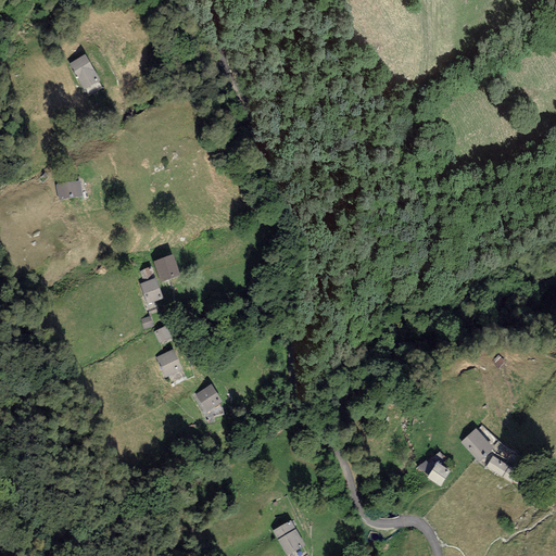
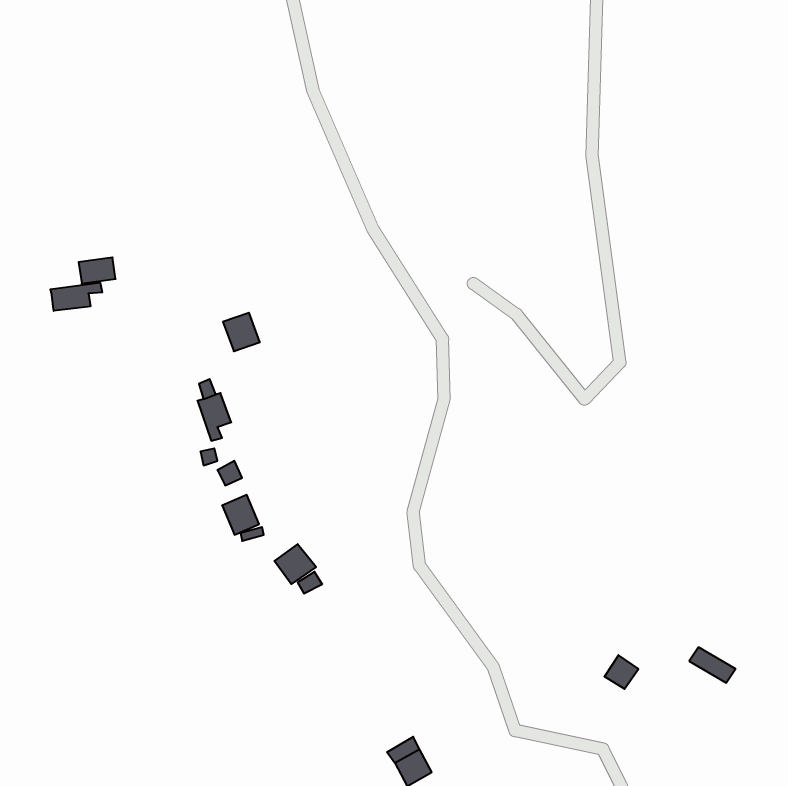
building: [70,54,100,89] -> none
building: none -> [50,282,102,311]
building: [153,254,179,281] -> [223,313,260,351]
building: [460,428,492,460] -> none

